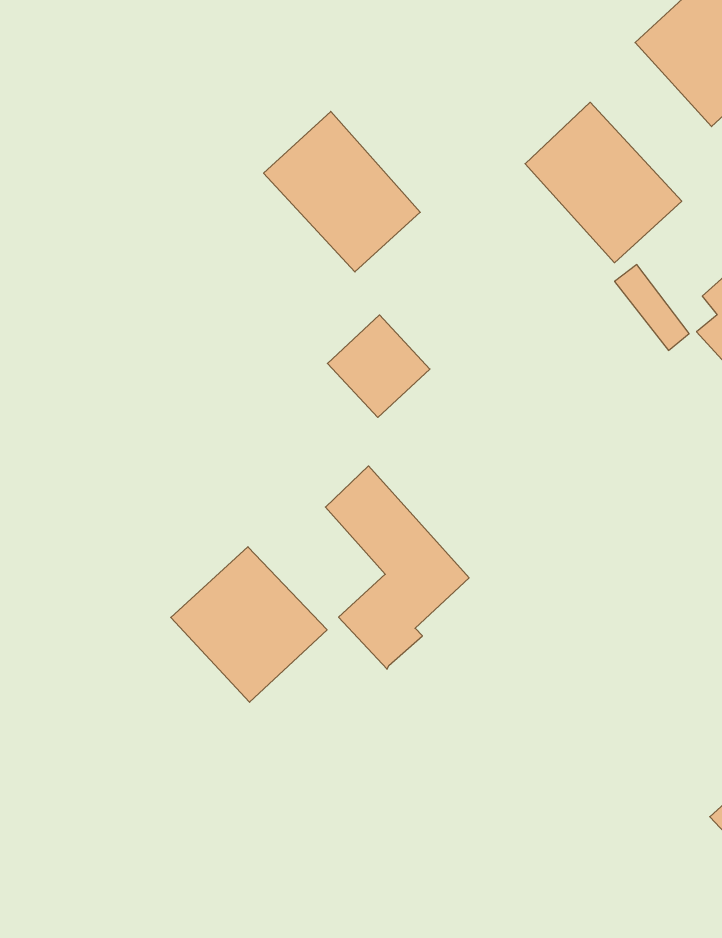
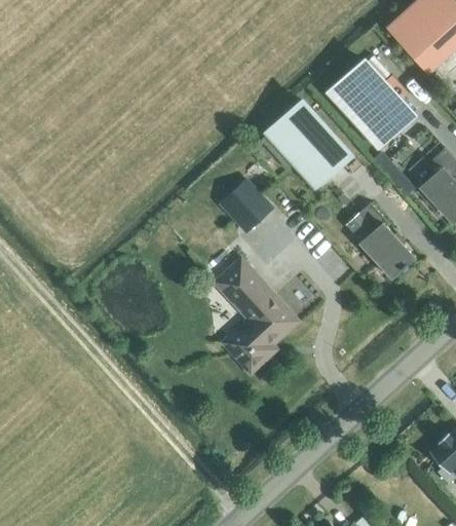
building: [264,111,420,272] -> [264,100,350,188]
building: none -> [359,202,414,276]
building: [171,547,327,702] -> none

